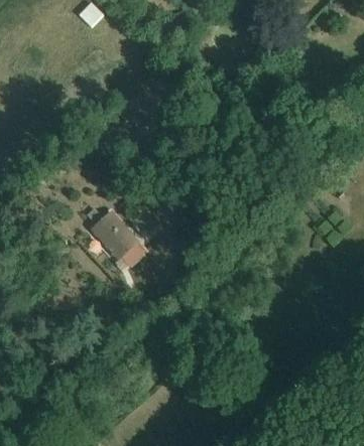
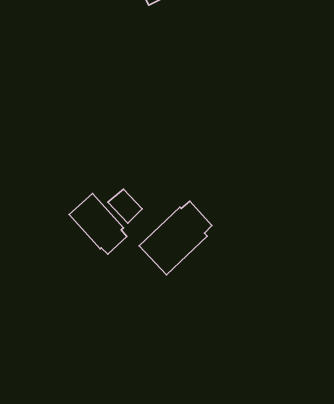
building: none -> [139,201,212,275]

